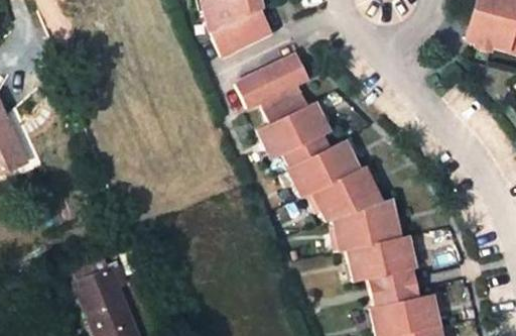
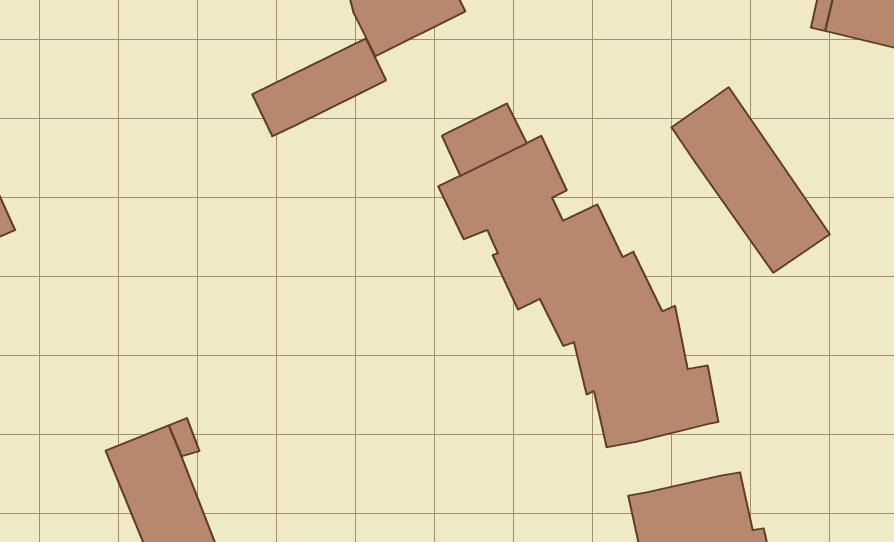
building: [236,54,310,109] -> [252,38,386,136]
building: none -> [671,87,830,273]
building: [369,263,415,302] -> none

